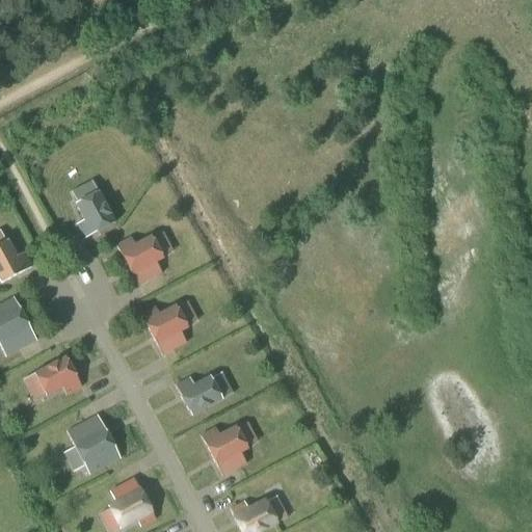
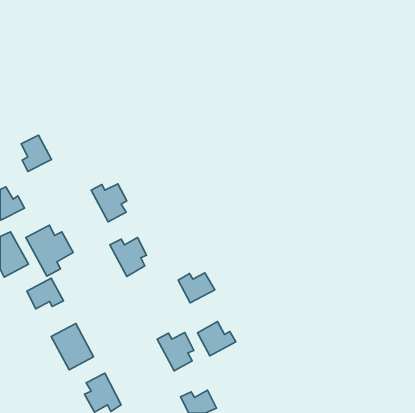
building: [77,190,115,237] -> [21,135,51,172]
building: none -> [26,225,73,276]
building: [176,375,222,414] -> [178,273,215,303]
building: none -> [197,322,236,356]

